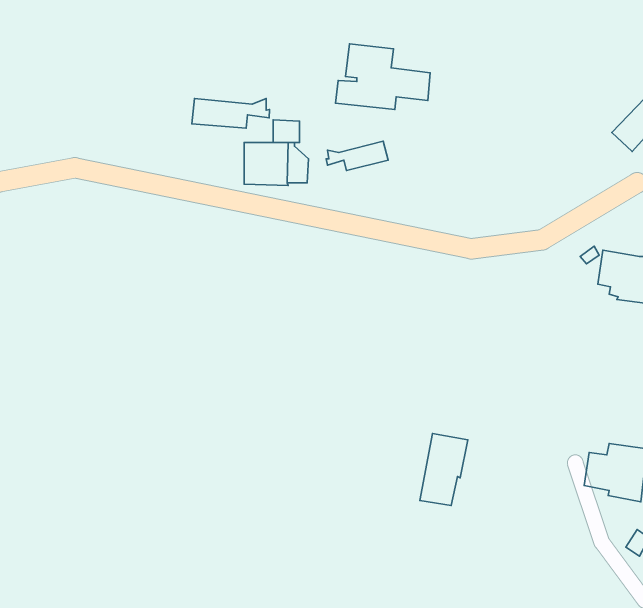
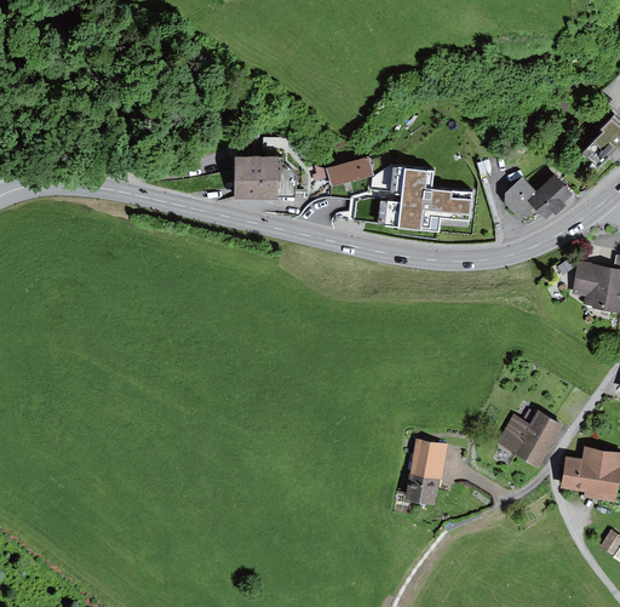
building: [335,44,430,109] -> [379,166,470,229]
building: [192,99,269,128] -> none
building: none -> [507,178,572,221]
building: none -> [498,412,561,465]

